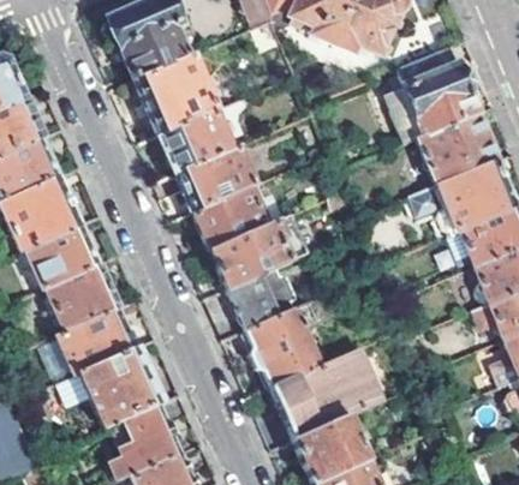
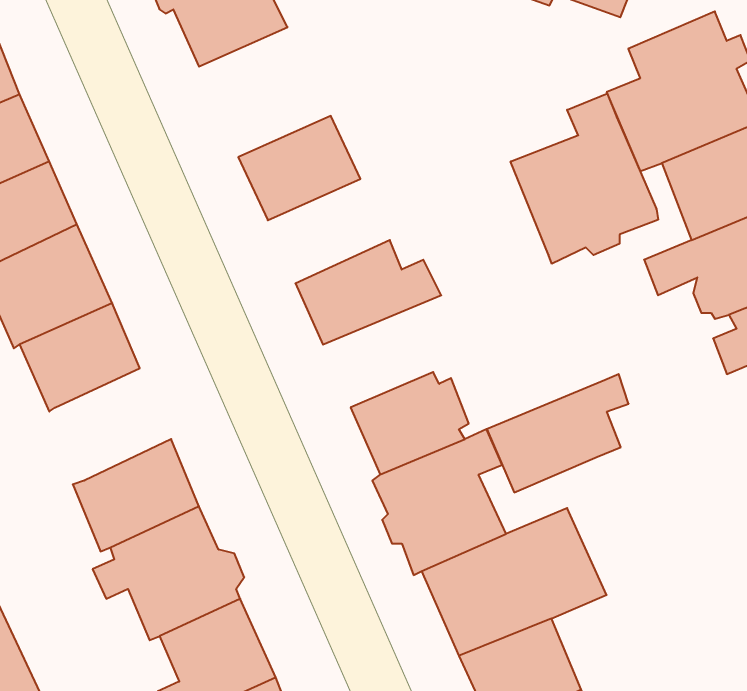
building: [133,54,217,134] -> none
building: none -> [511,93,658,264]
building: [175,145,255,211] -> none
building: [209,215,296,287] -> [487,374,629,492]
building: [46,263,117,331] -> none

